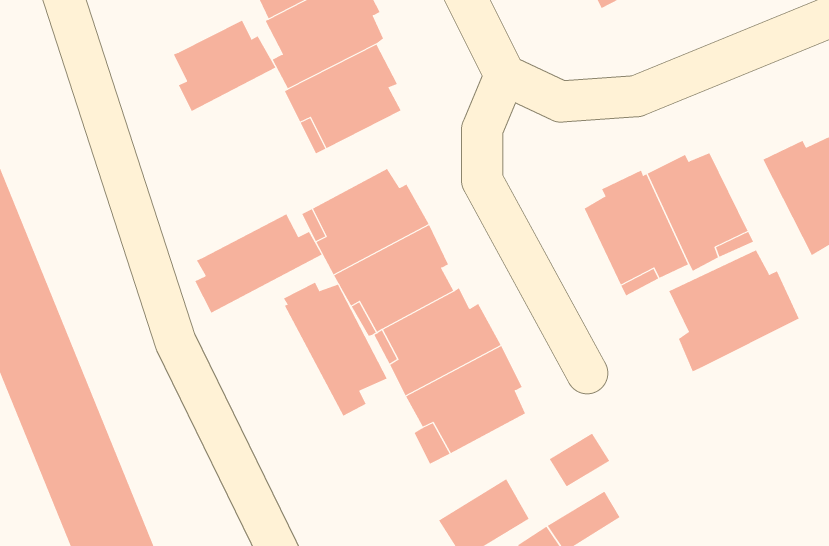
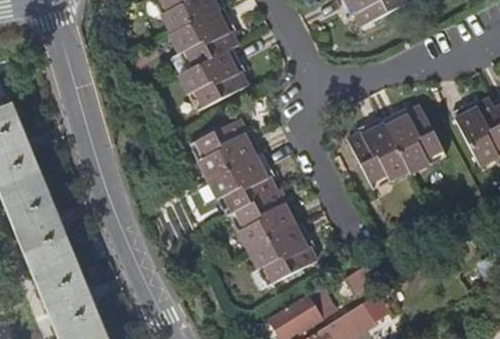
building: [173,20,276,112] -> none
building: [195,214,322,313] -> none
building: [668,249,799,372] -> none
building: [283,282,388,417] -> none

